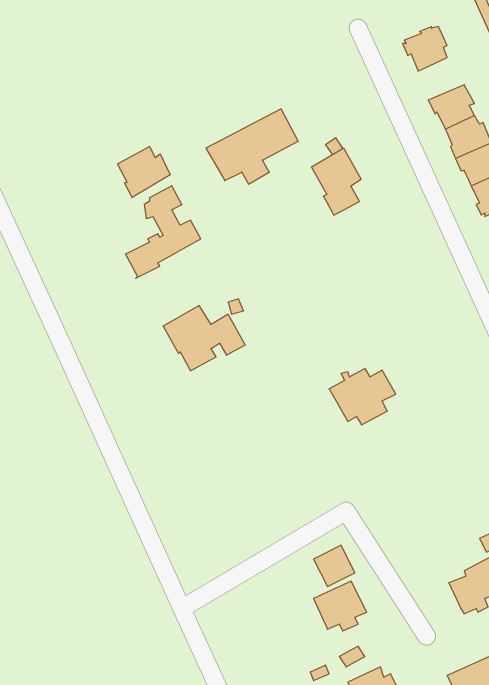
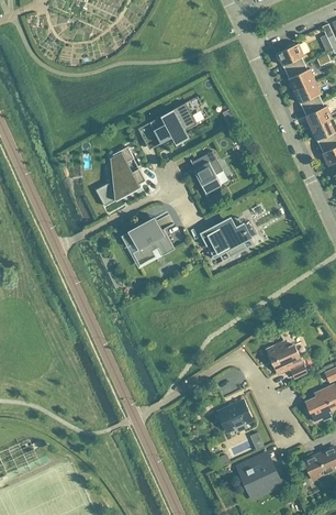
building: none -> [285,63,315,90]
building: [118,146,170,198] -> none
building: [311,148,361,215] -> [191,150,223,193]
building: [329,368,396,425] -> [209,220,251,256]
building: none -> [267,340,307,377]

